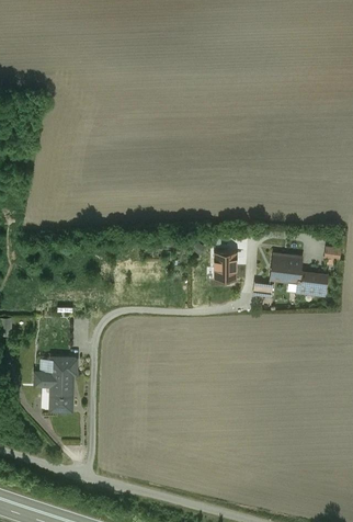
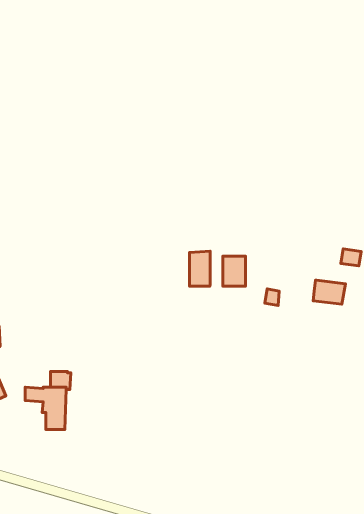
building: none -> [189,251,210,286]
building: [271,253,301,283] -> none

